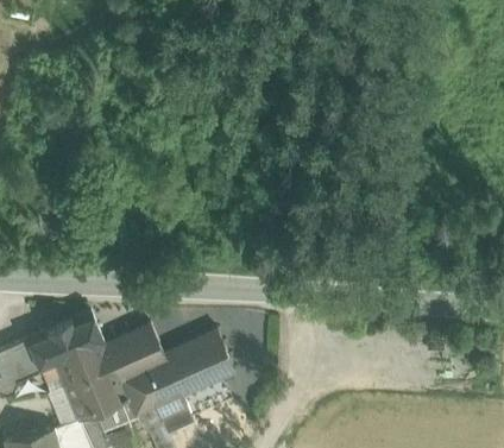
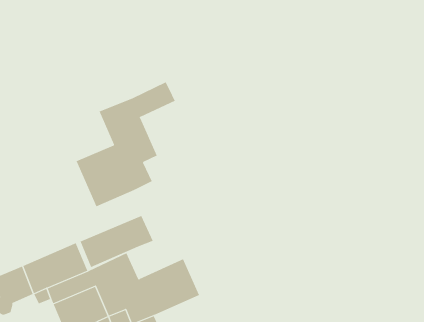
building: none -> [76,81,175,207]
building: none -> [80,215,154,268]

